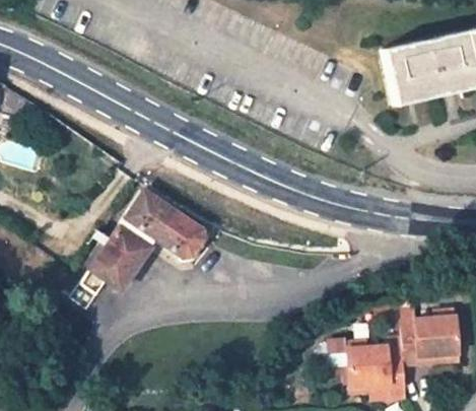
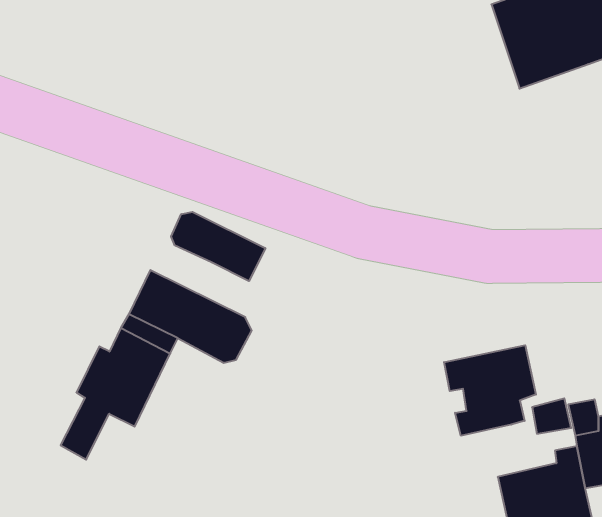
building: none -> [171,212,265,281]
building: none -> [444,345,536,436]

